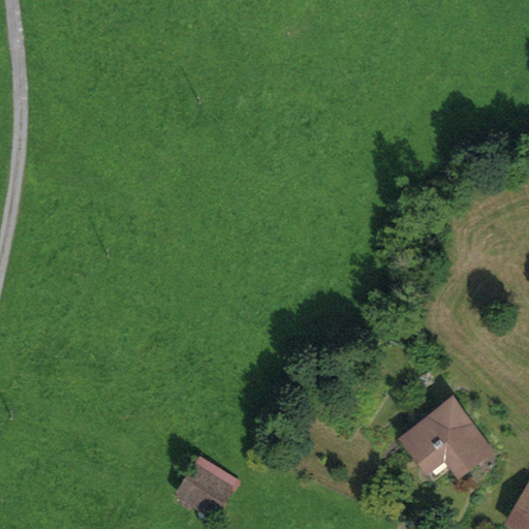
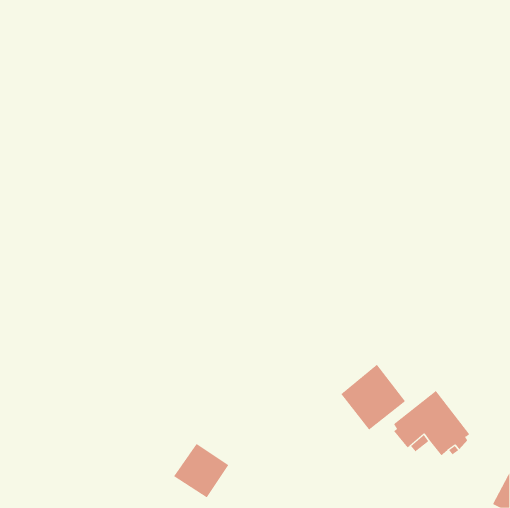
building: none -> [340,364,406,430]

